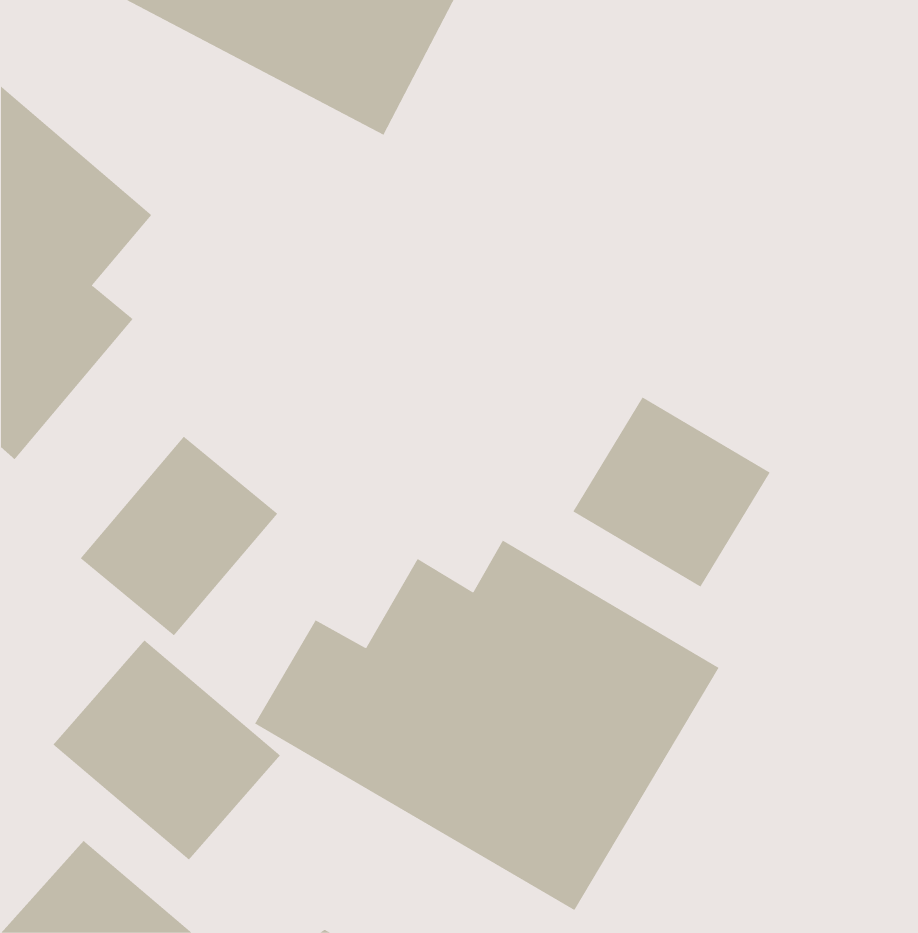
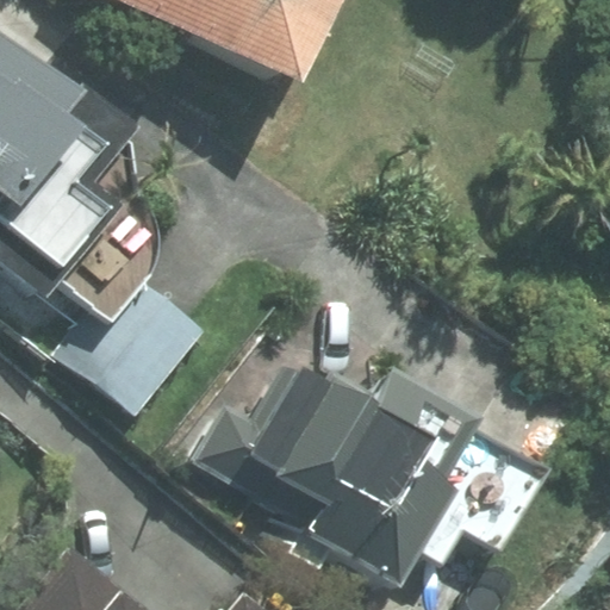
building: [572,396,770,587] -> none
building: [52,639,281,861] -> none

